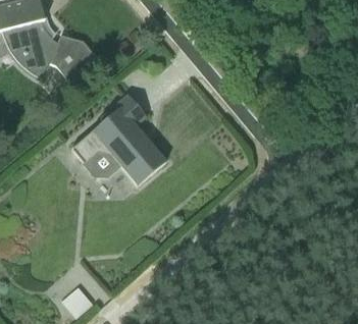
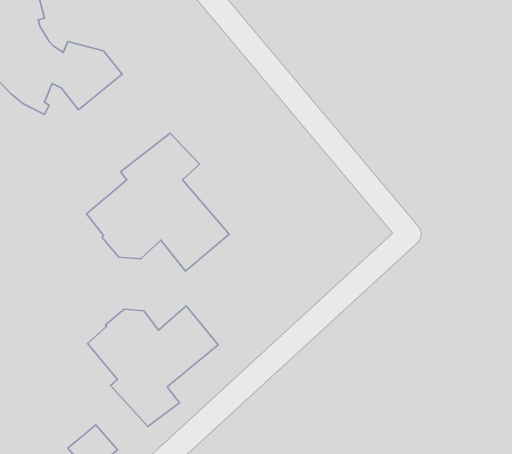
building: none -> [88,306,218,427]

